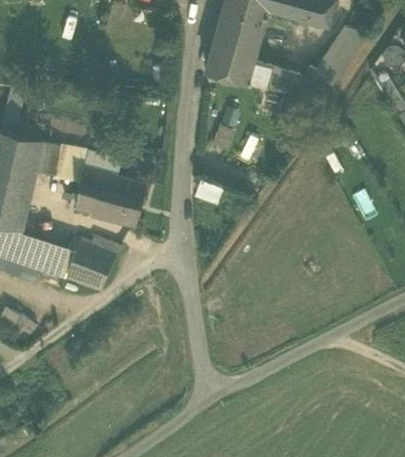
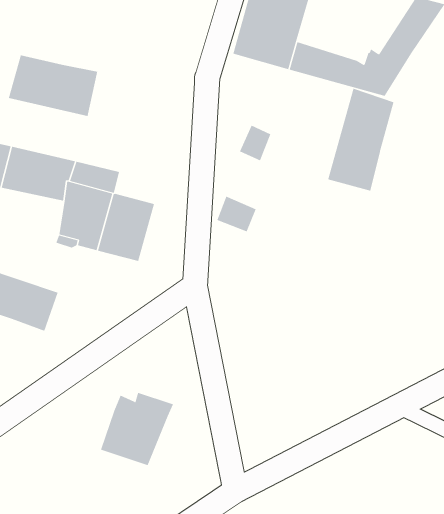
building: none -> [8,54,98,117]
building: none -> [327,88,394,191]
building: [64,236,120,292] -> [100,392,174,466]

